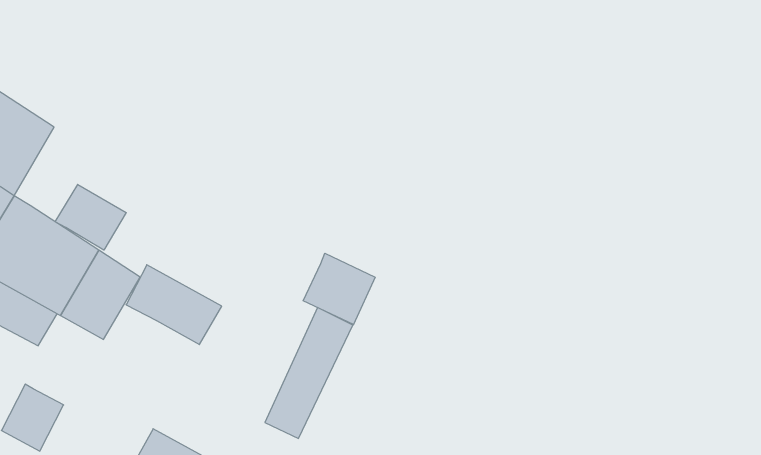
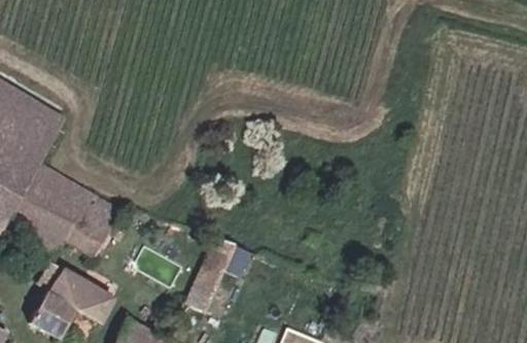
building: [55,184,126,250] -> none
building: [303,253,375,325] -> none
building: [126,265,222,345] -> [54,261,115,312]

